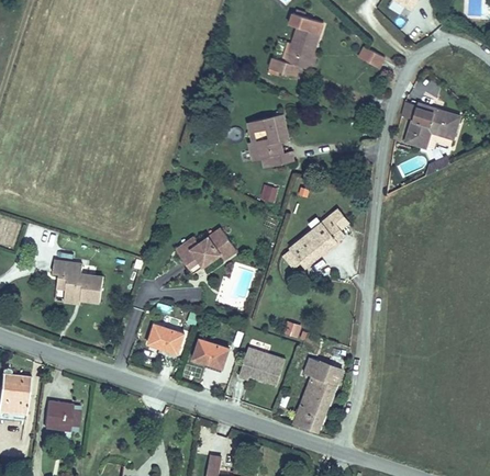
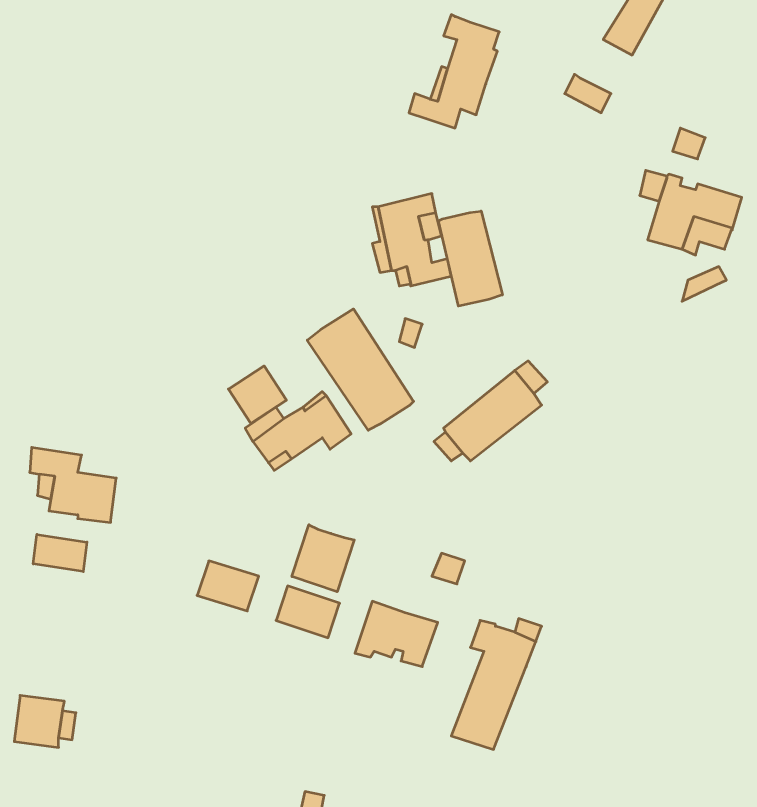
building: none -> [438,211,502,306]
building: none -> [307,309,414,430]
building: none -> [228,366,286,423]
building: none -> [292,525,354,592]
building: none -> [33,534,87,572]

